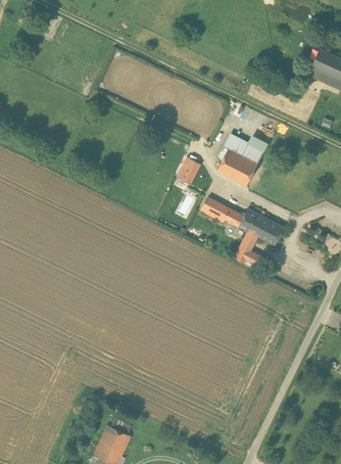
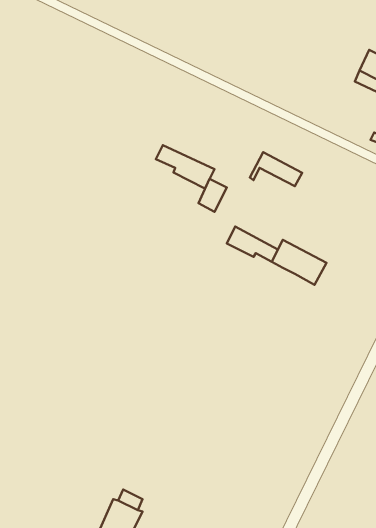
building: none -> [156,145,215,188]
building: [217,147,258,184] -> none
building: [235,231,263,266] -> none

